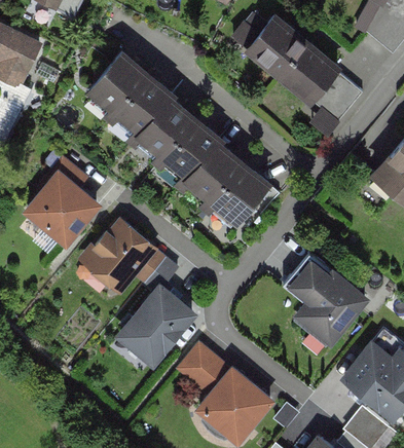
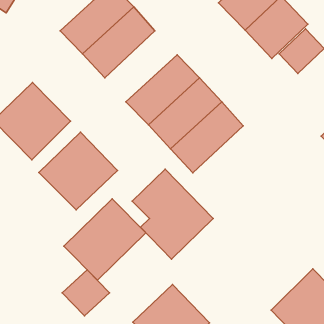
building: [134,96,208,175] -> none
building: [281,251,369,345] -> [132,169,213,259]
building: [176,343,226,393] -> [62,270,110,316]

